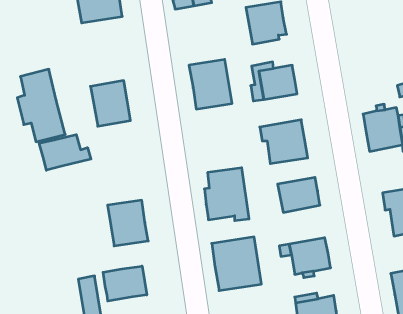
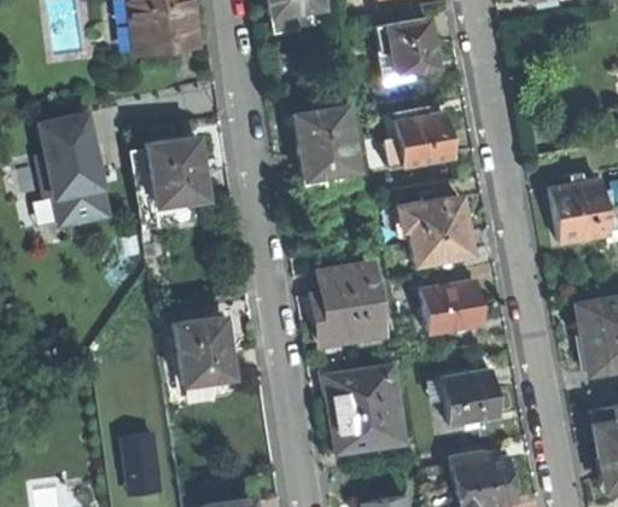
building: [39,135,91,170] -> none
building: [103,266,147,301] -> none

